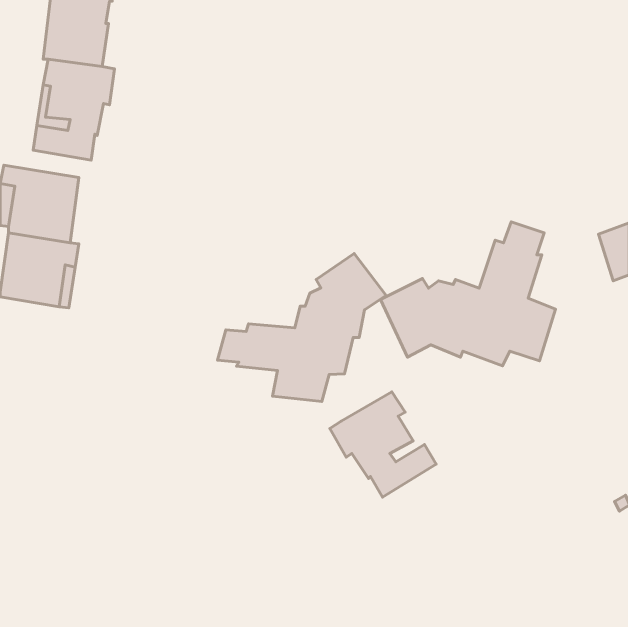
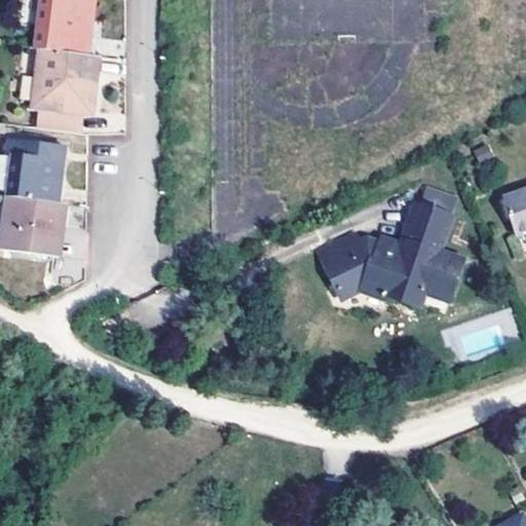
building: [218,254,386,402] -> none
building: [330,392,436,497] -> none

